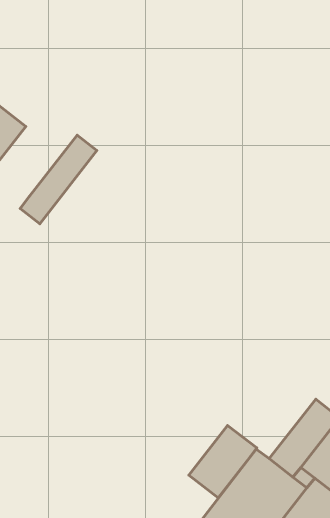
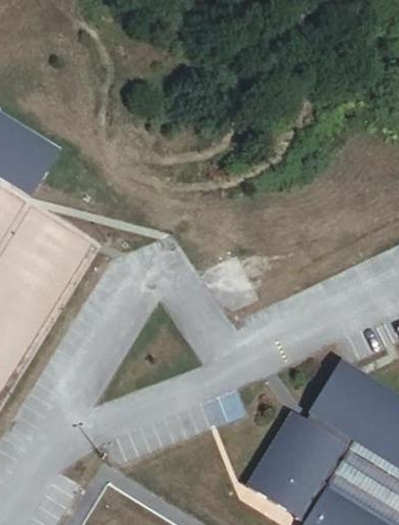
building: [20,135,97,224] -> none
building: [189,425,257,498] -> none

